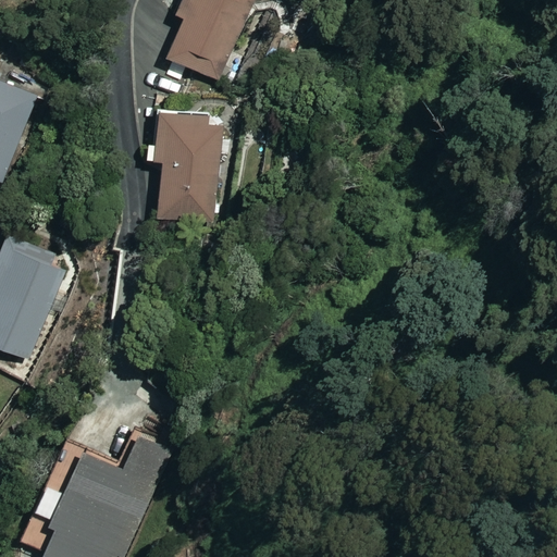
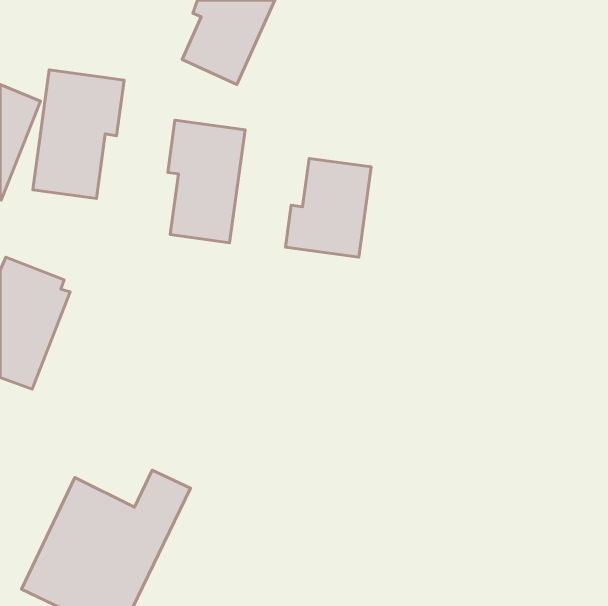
building: none -> [33,70,124,198]
building: none -> [286,158,371,257]

